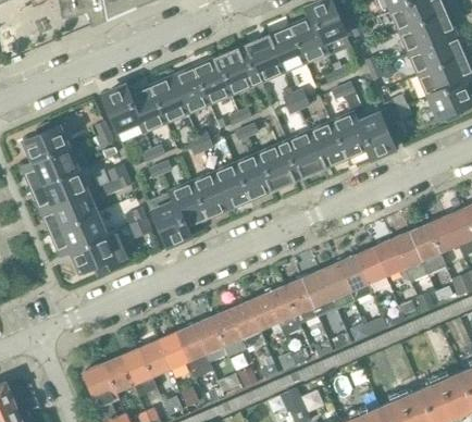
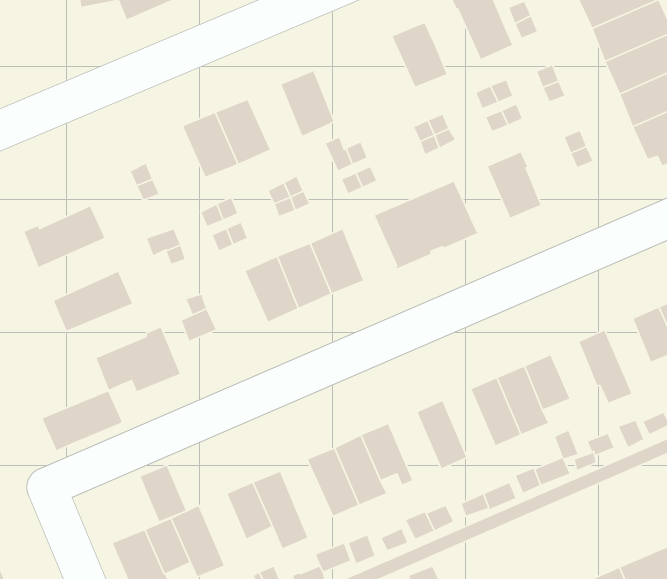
building: [289,18,326,62] -> none
building: [213,35,283,94] -> none
building: [172,69,208,112] -> none
building: [102,86,144,140] -> none
building: [357,114,394,159] -> none
building: [24,122,67,164] -> none
building: [309,123,346,166] -> none
building: [235,156,271,199] -> none
building: [33,171,86,212] -> none
building: [147,193,190,246] -> none
building: [51,214,104,255] -> [42,390,122,451]
building: [409,224,445,274] -> none
building: [373,239,403,277] -> none
building: [301,271,336,316] -> none
building: [265,286,301,337] -> none
building: [194,318,228,362] -> none
building: [139,340,171,378] -> [139,465,187,522]

